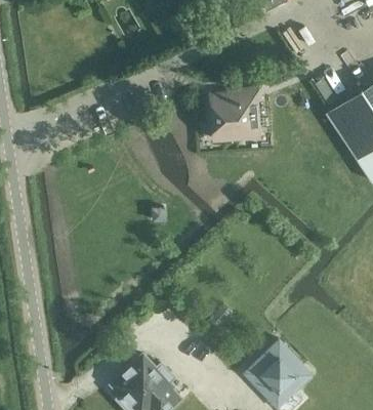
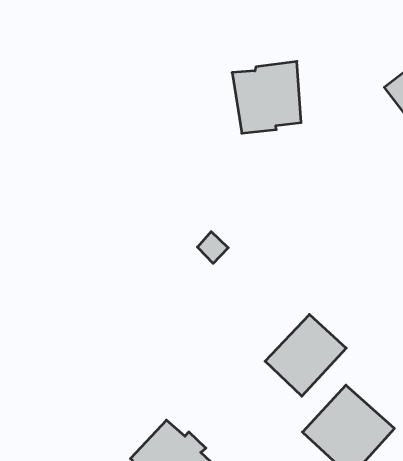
building: none -> [265,314,346,396]

